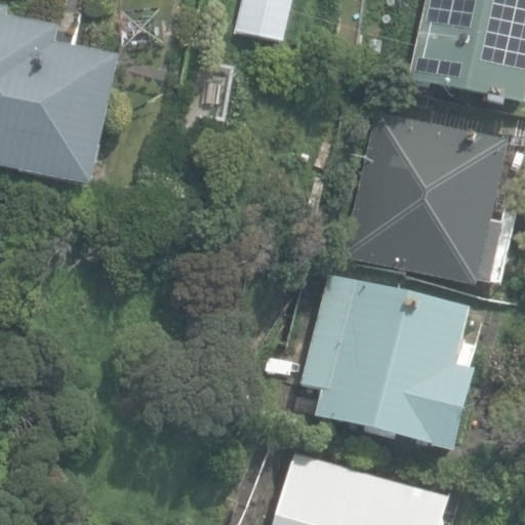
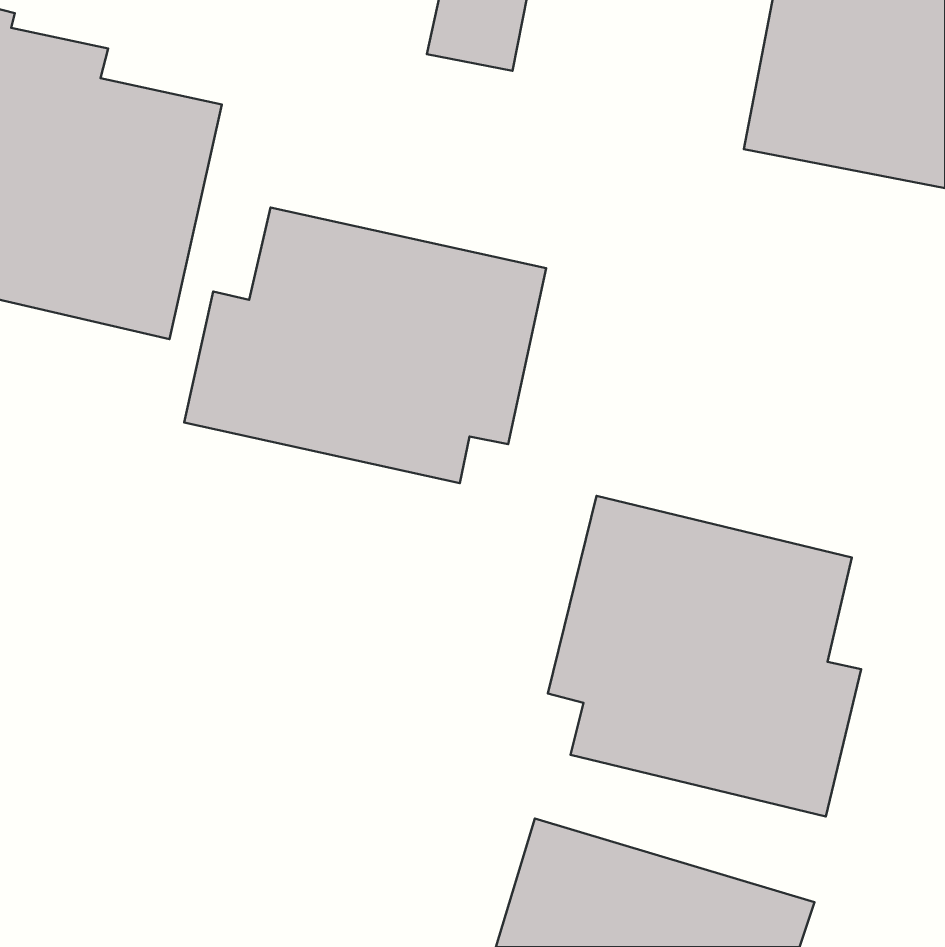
building: [342,111,509,284] -> none
building: none -> [184,207,546,483]

